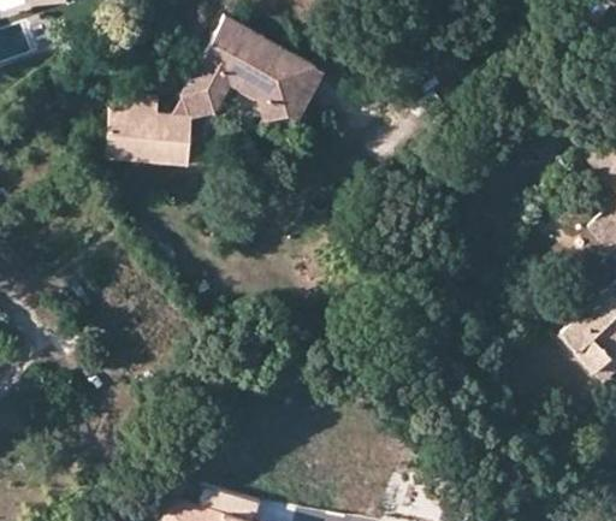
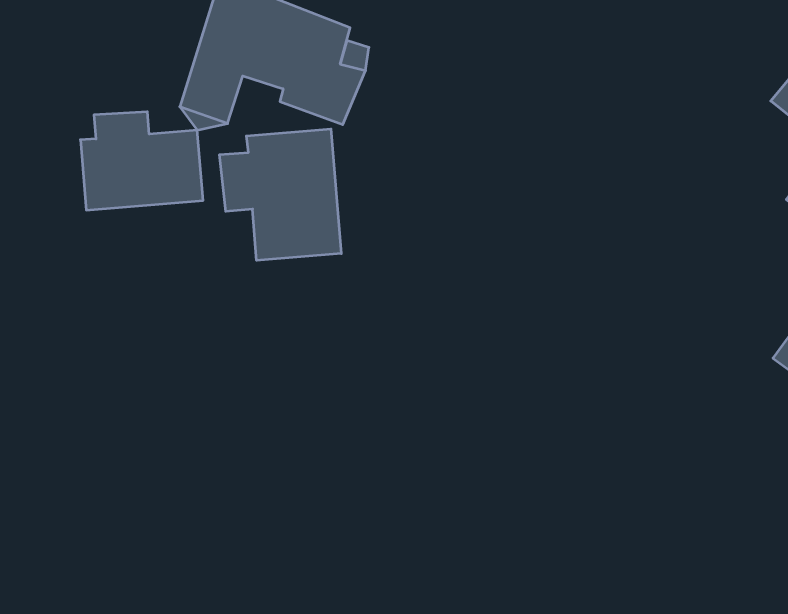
building: none -> [220,129,341,260]

